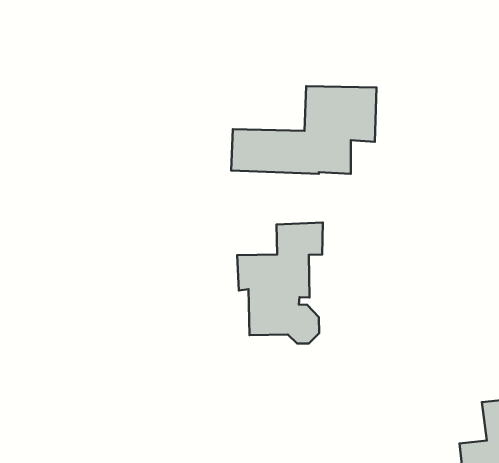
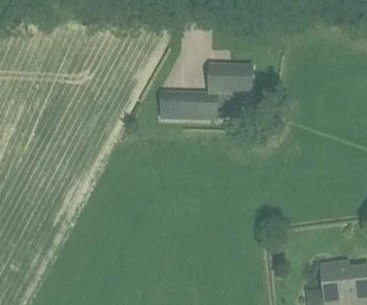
building: [237,223,323,344] -> none

